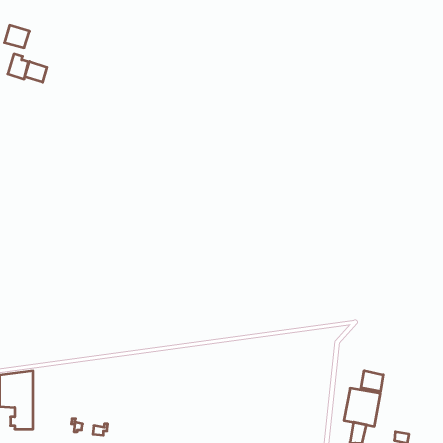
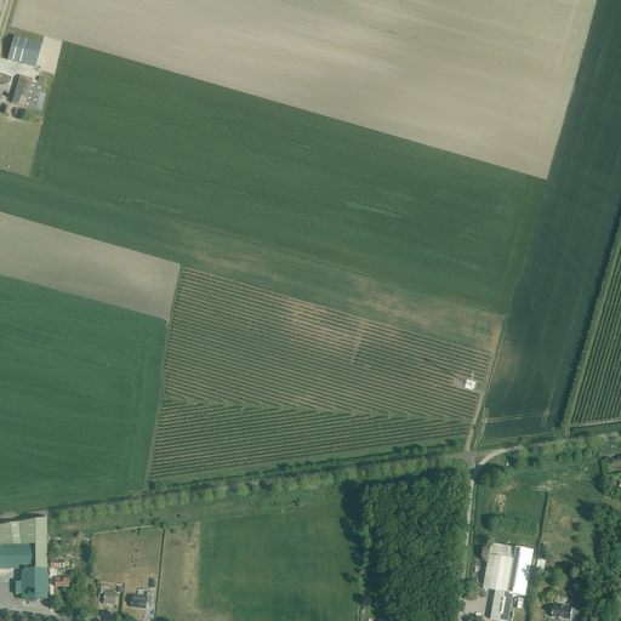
building: [25,61,47,82] -> none
building: [361,371,383,391] -> none

